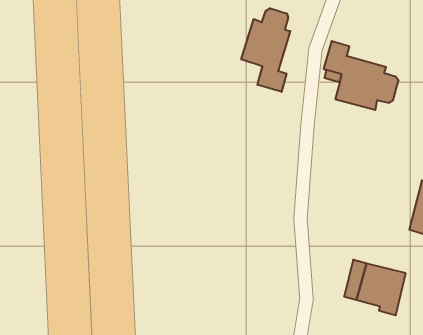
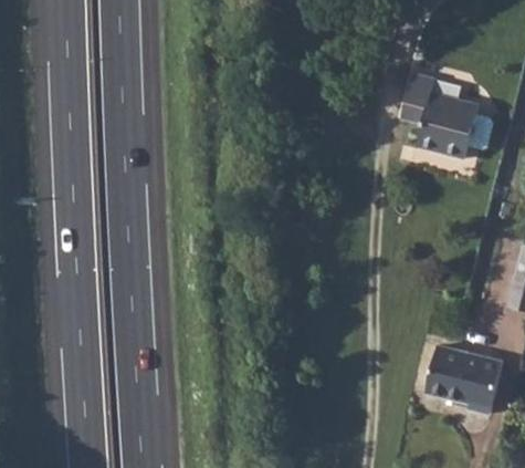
building: [241,8,290,92] -> none

